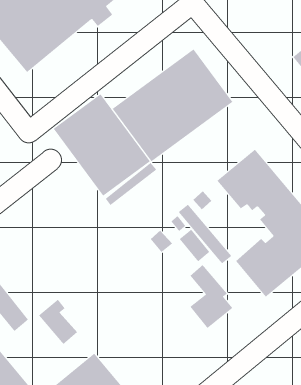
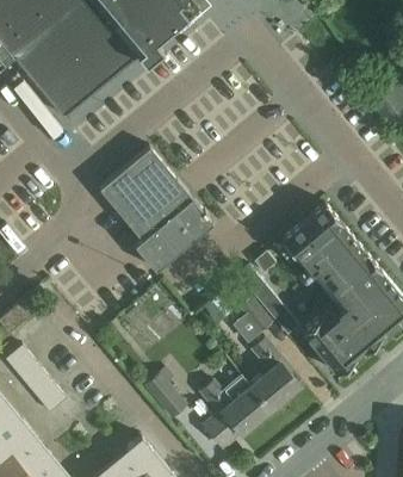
building: [112,48,233,162] -> none
building: none -> [200,374,269,448]
building: [38,299,78,345] -> [143,367,188,420]

